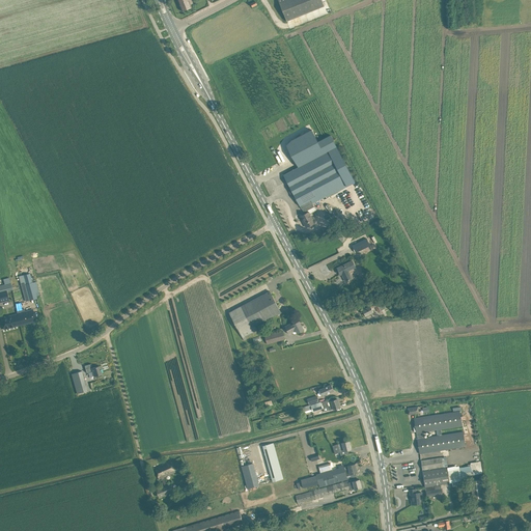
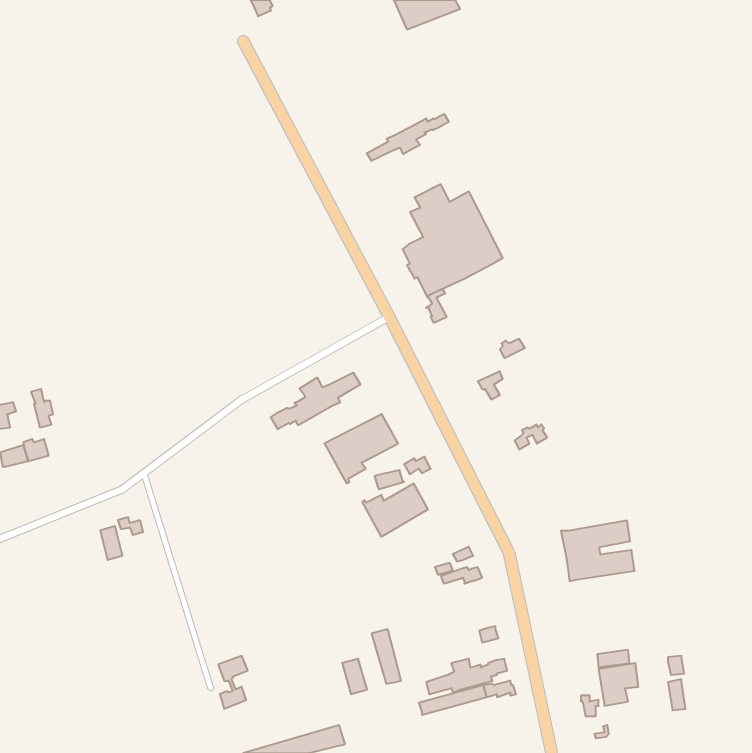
building: none -> [367,114,449,161]
building: none -> [271,373,360,429]
building: none -> [362,483,428,537]
building: [413,411,465,453] -> [561,521,635,581]

